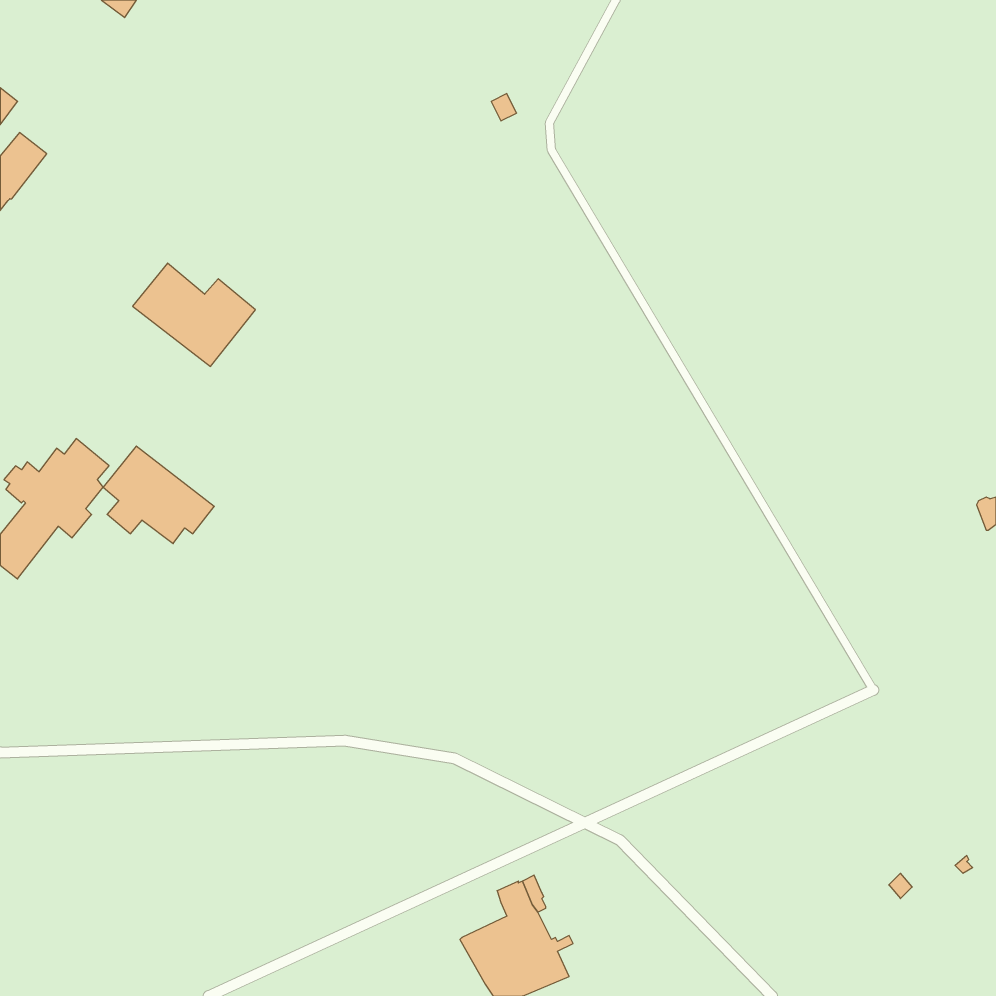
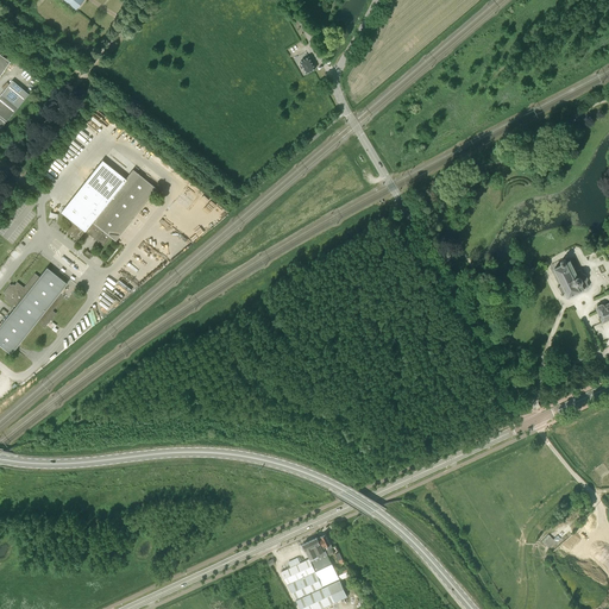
building: none -> [553,259,589,297]
building: [103,446,214,544] -> [61,187,128,246]

